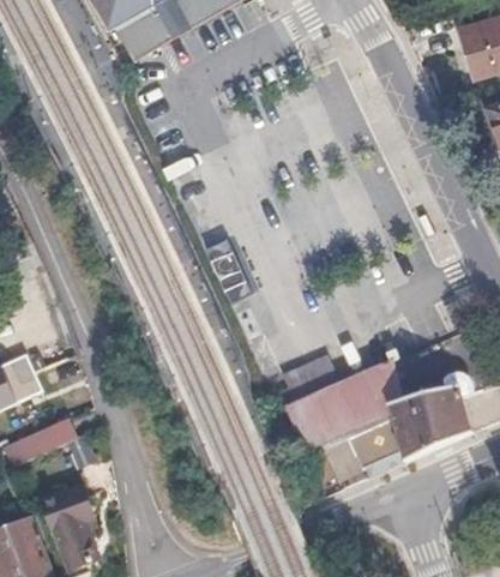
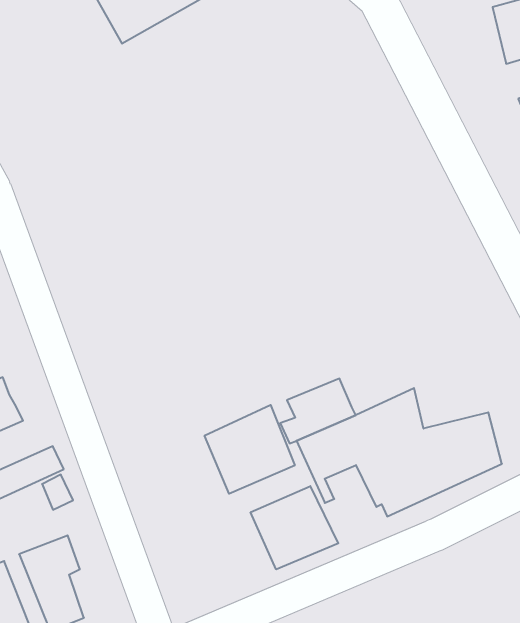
building: none -> [205,405,295,494]
building: none -> [251,486,338,569]

